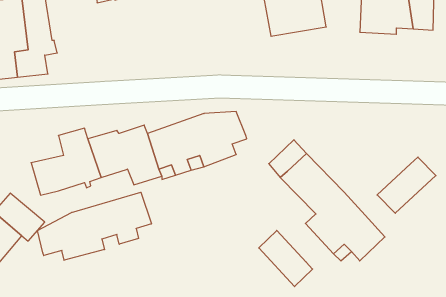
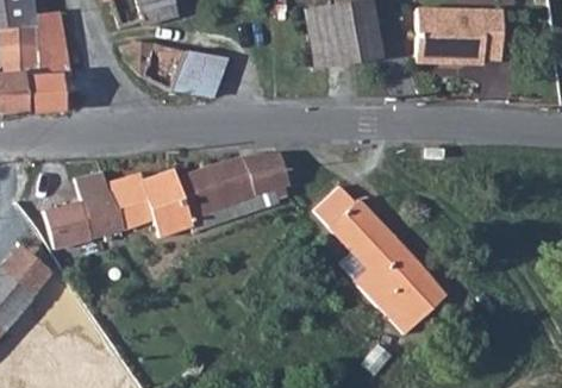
building: none -> [120,39,225,96]
building: [377,157,436,213] -> none
building: [38,192,151,260] -> none
building: [259,230,313,287] -> none

